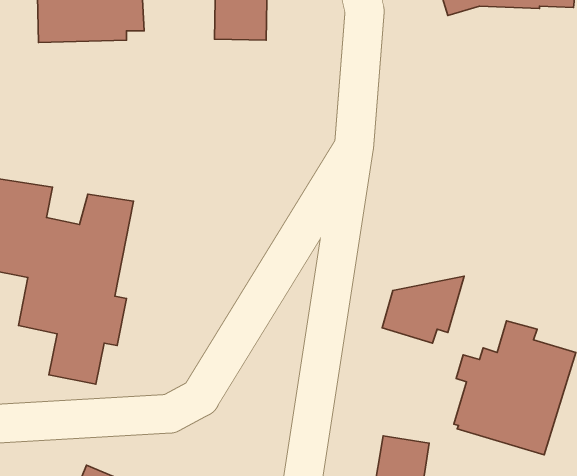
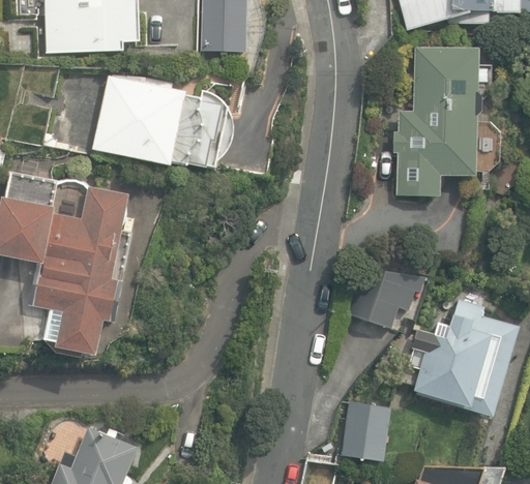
building: none -> [393,46,481,195]
building: none -> [93,75,222,169]

